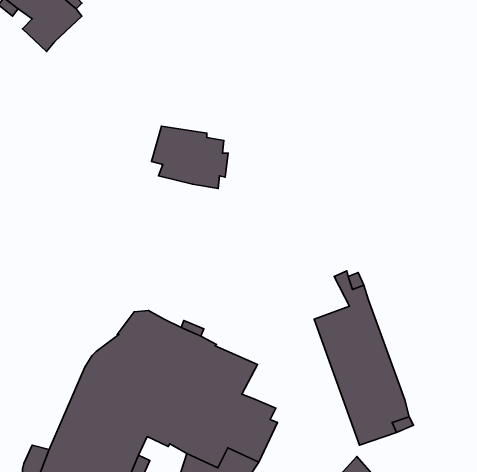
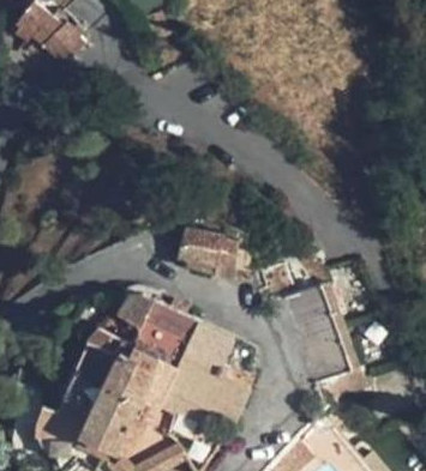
building: [152,126,228,189] -> [178,228,242,280]

